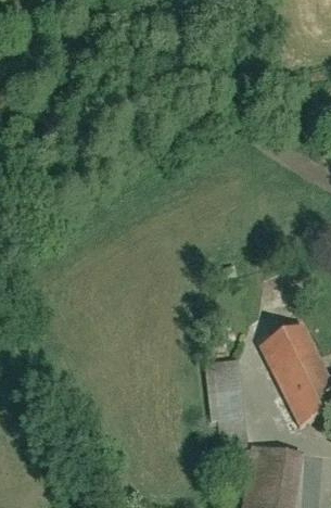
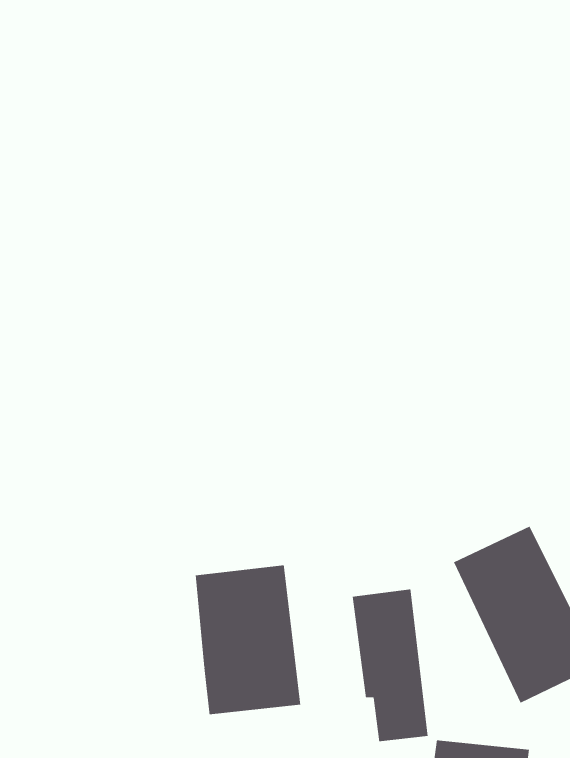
building: none -> [195,565,301,715]

